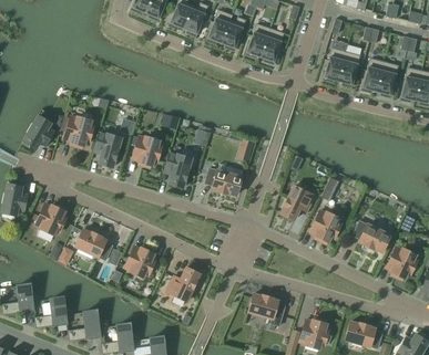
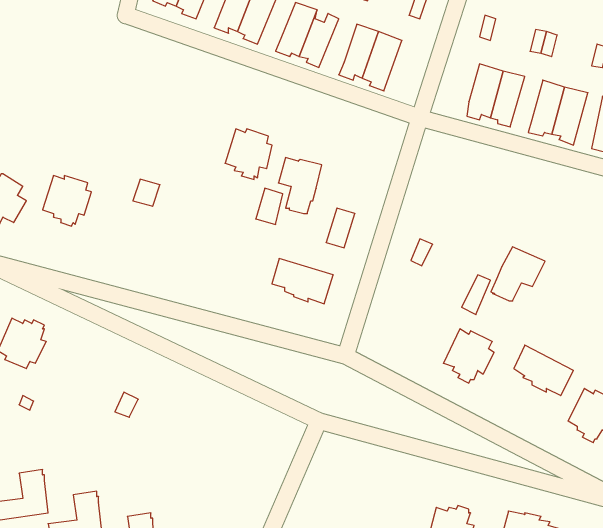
building: [94,133,121,167] -> none
building: [132,136,161,167] -> [225,129,272,179]
building: [164,153,191,187] -> [278,158,322,214]
building: [280,186,314,219] -> [491,247,545,301]
building: [74,229,112,260] -> none
building: [124,247,154,278] -> none
building: [166,267,200,301] -> none
building: [247,294,285,326] -> none

